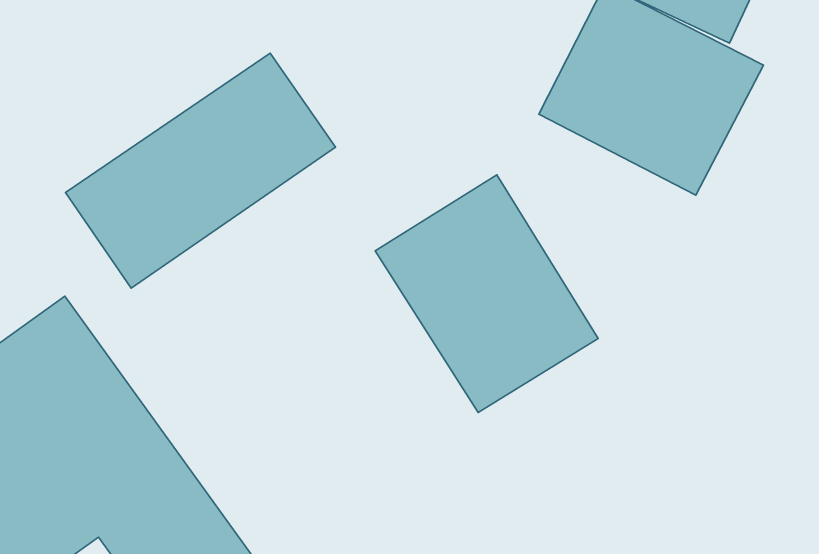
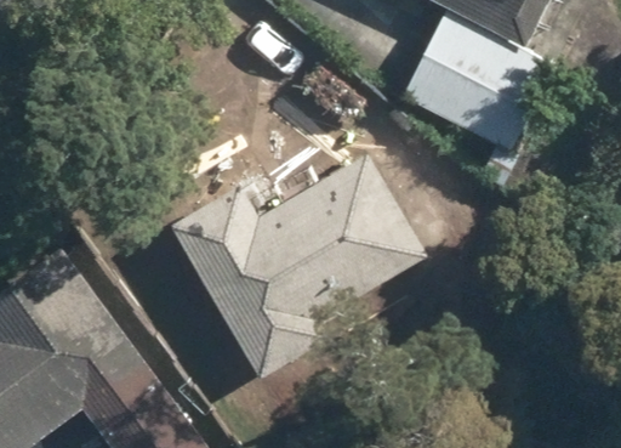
building: [65,53,336,288] -> none
building: none -> [165,195,336,385]

